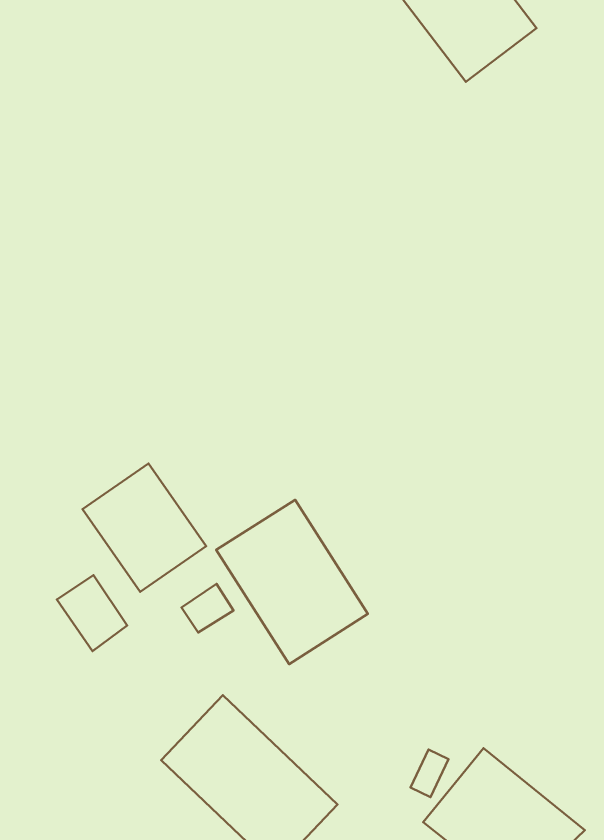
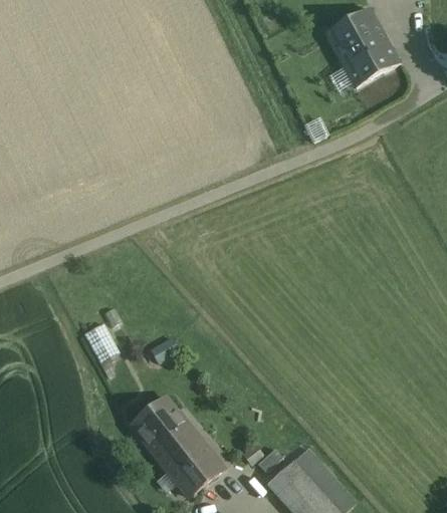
building: [83,463,206,592] -> none
building: [216,500,368,664] -> none

